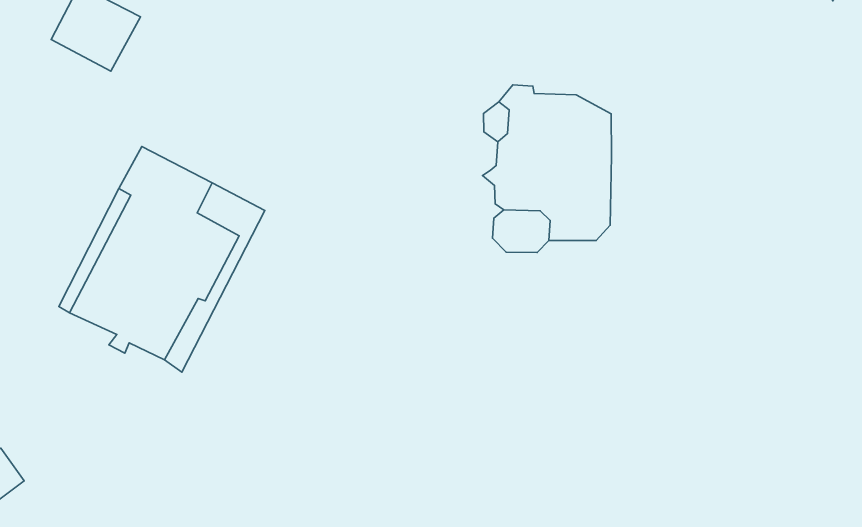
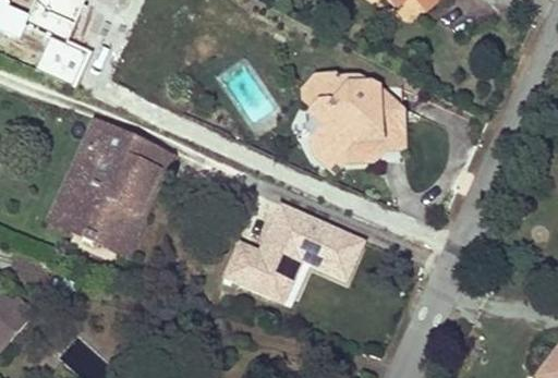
building: none -> [378,107,403,149]
building: none -> [225,202,363,305]

